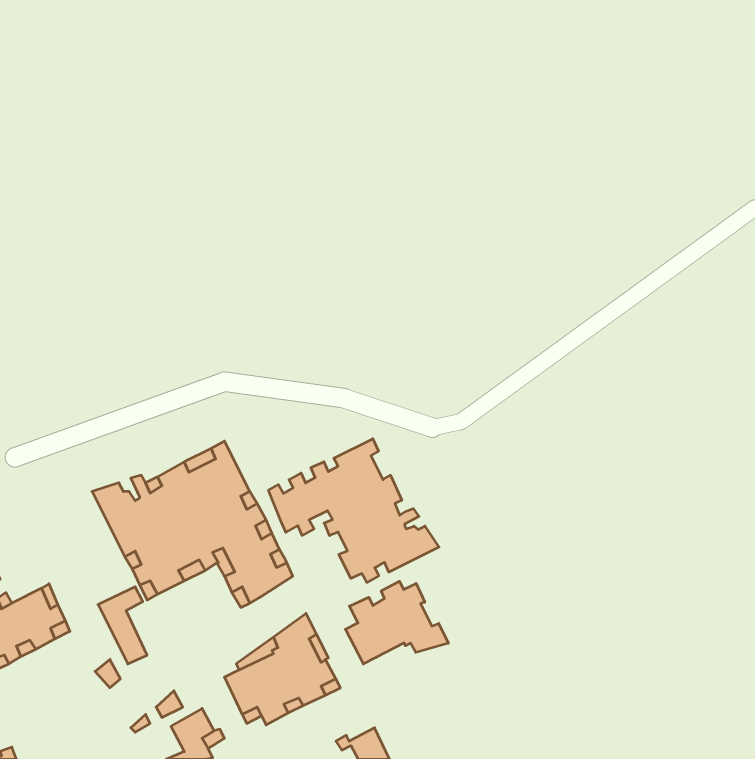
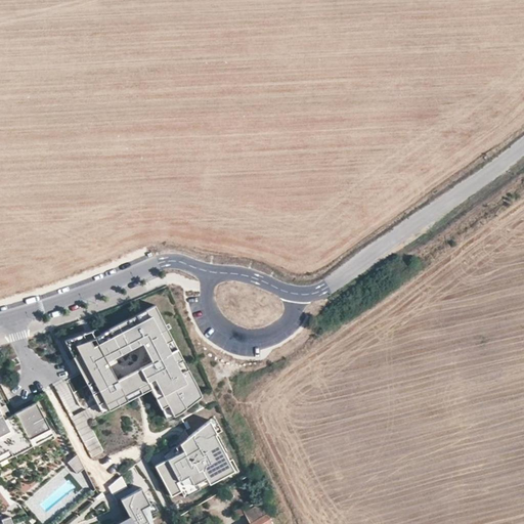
building: [269,439,439,582] -> none
building: [345,581,448,664] -> none

